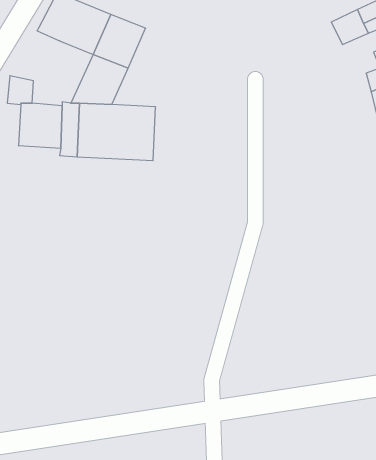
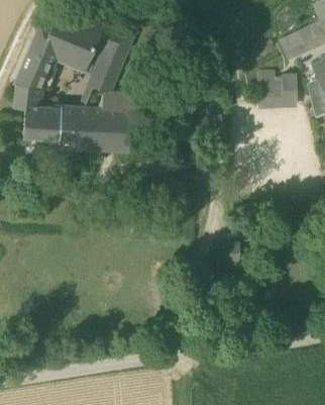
building: none -> [17,43,58,88]
building: none -> [257,72,297,105]

